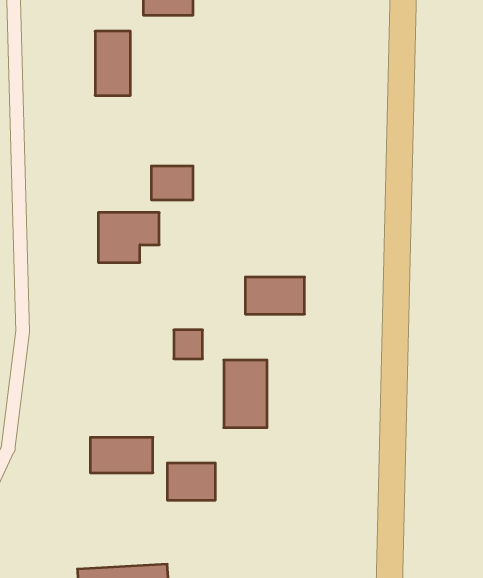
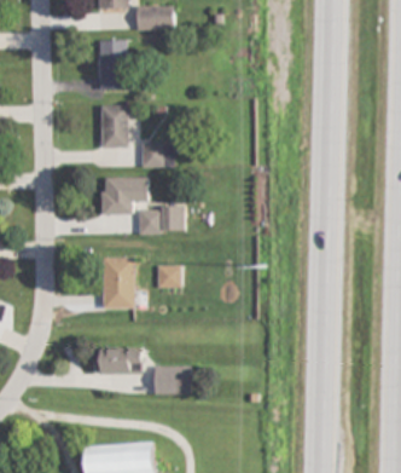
building: none -> [100,104,127,148]
building: [245,277,305,314] -> [139,206,184,233]
building: [224,360,267,428] -> [103,256,135,307]

